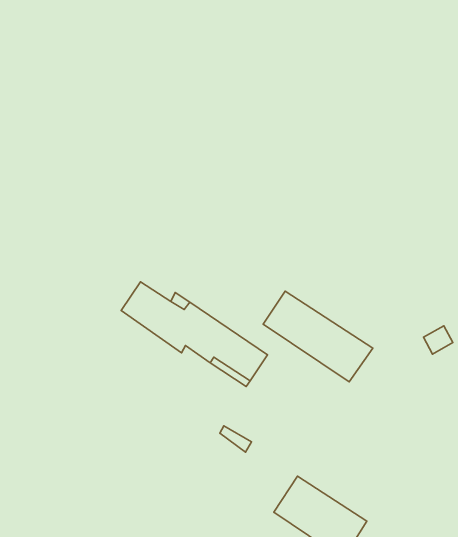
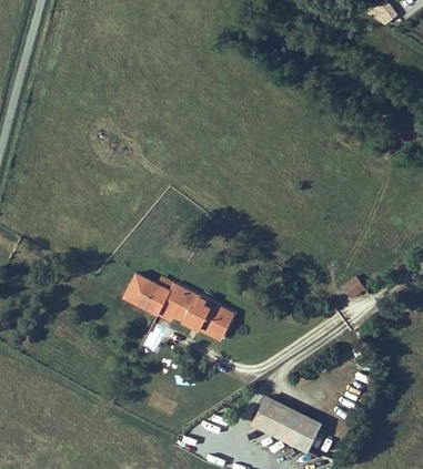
building: [263,291,373,382] -> none

